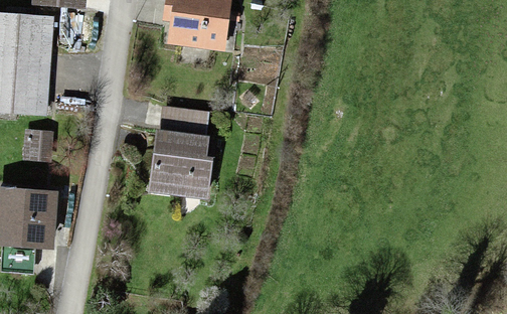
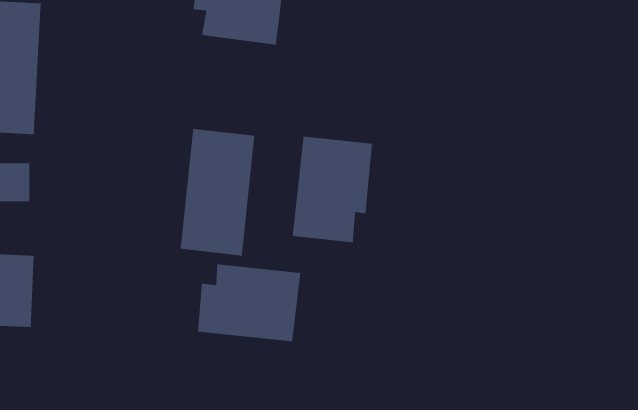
building: none -> [292,136,373,243]
building: none -> [197,263,301,342]

